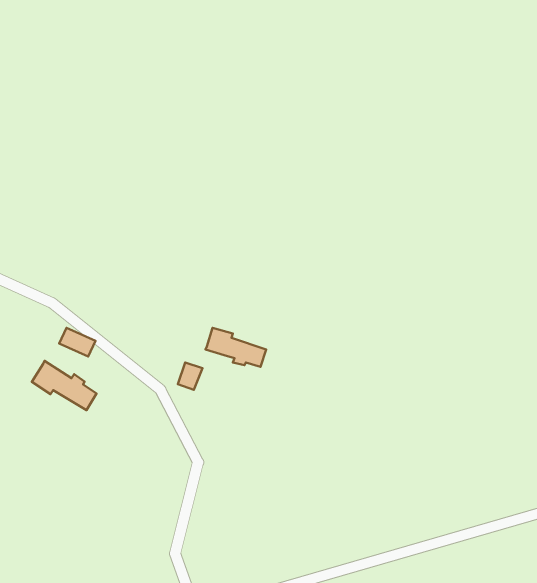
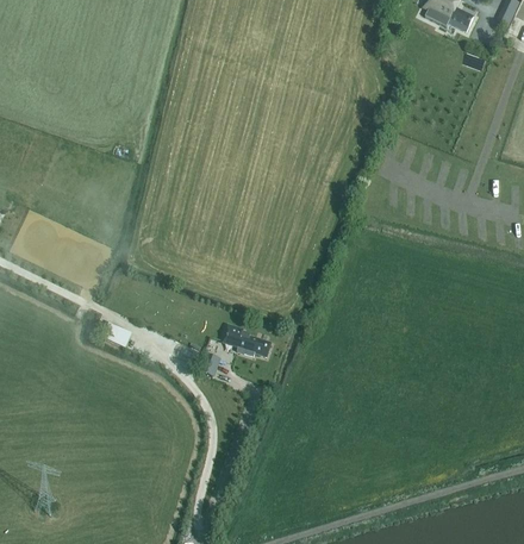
building: [32,361,97,410] -> none

